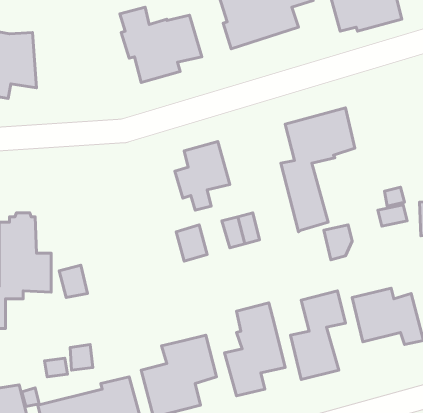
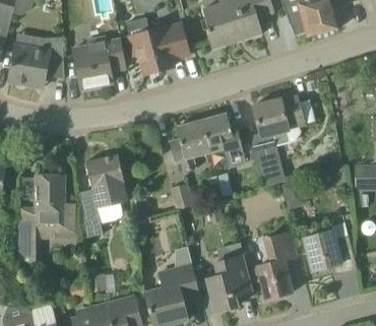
building: none -> [72,37,126,88]
building: none -> [201,113,246,168]
building: none -> [85,154,127,208]

